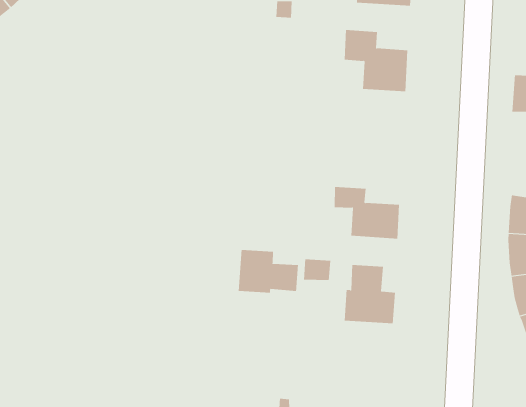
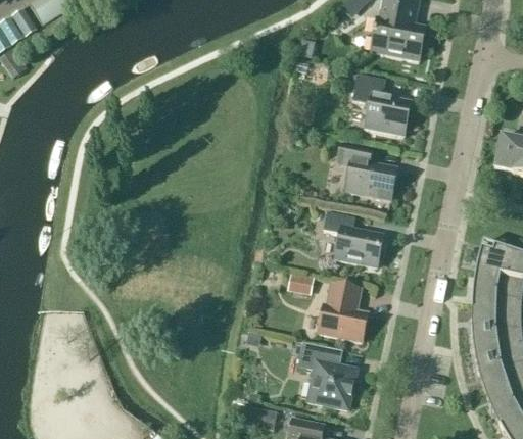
building: none -> [338,145,397,199]
building: [238,249,298,294] -> none
building: none -> [297,341,356,409]

